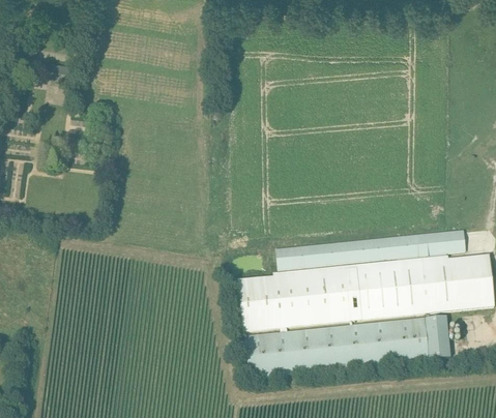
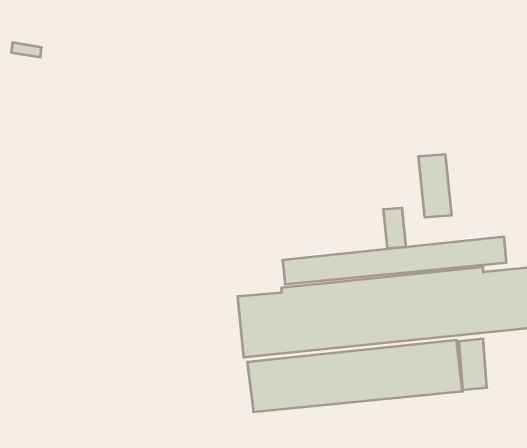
building: none -> [419,154,451,217]
building: none -> [383,208,406,249]

